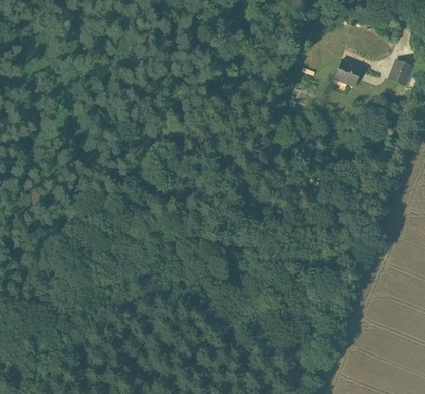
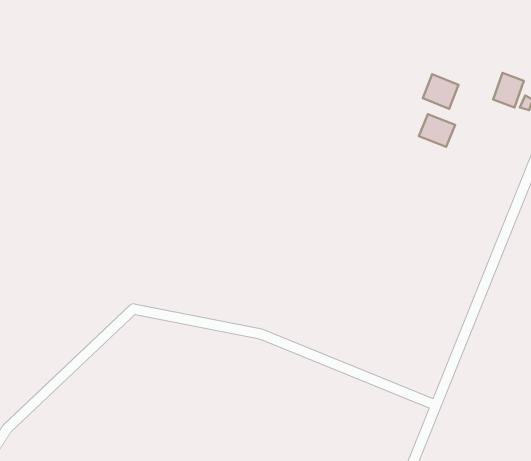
building: none -> [419,114,455,147]

